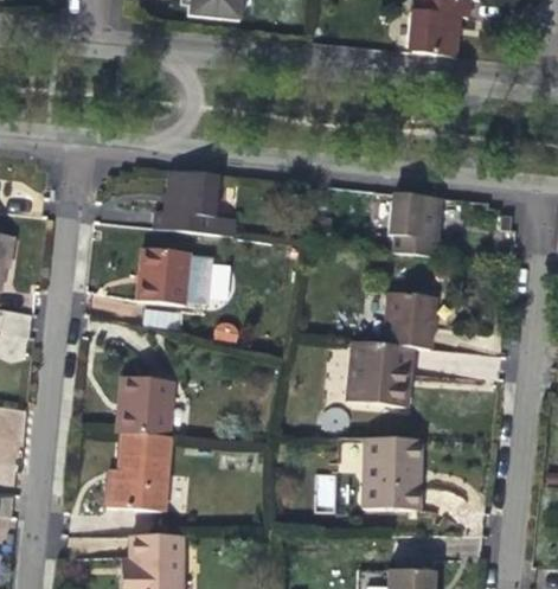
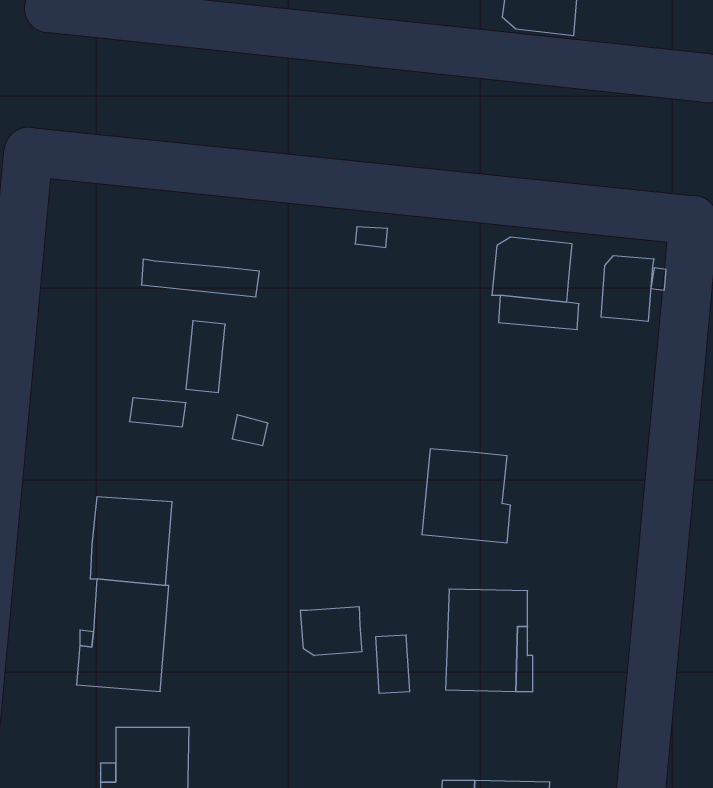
building: [161,168,217,216] -> none
building: none -> [601,256,654,321]
building: [135,245,187,303] -> none
building: [383,293,435,348] -> none
building: none -> [301,607,362,656]

